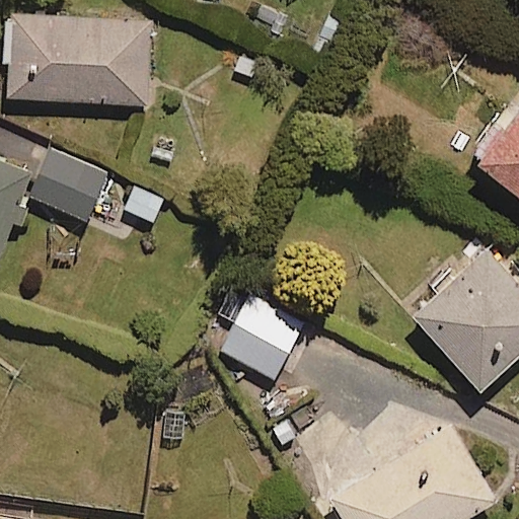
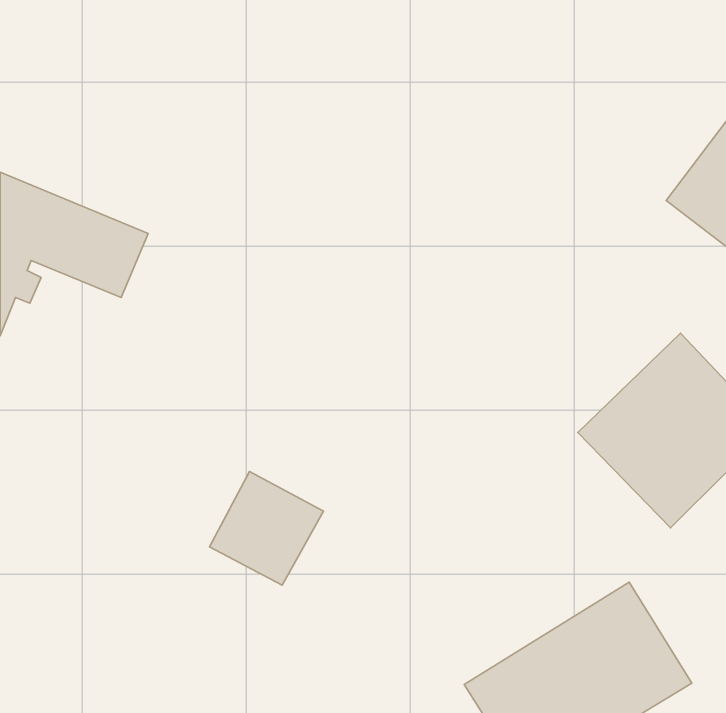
building: [6,14,151,104] -> none
building: [222,300,303,381] -> [210,471,324,585]

